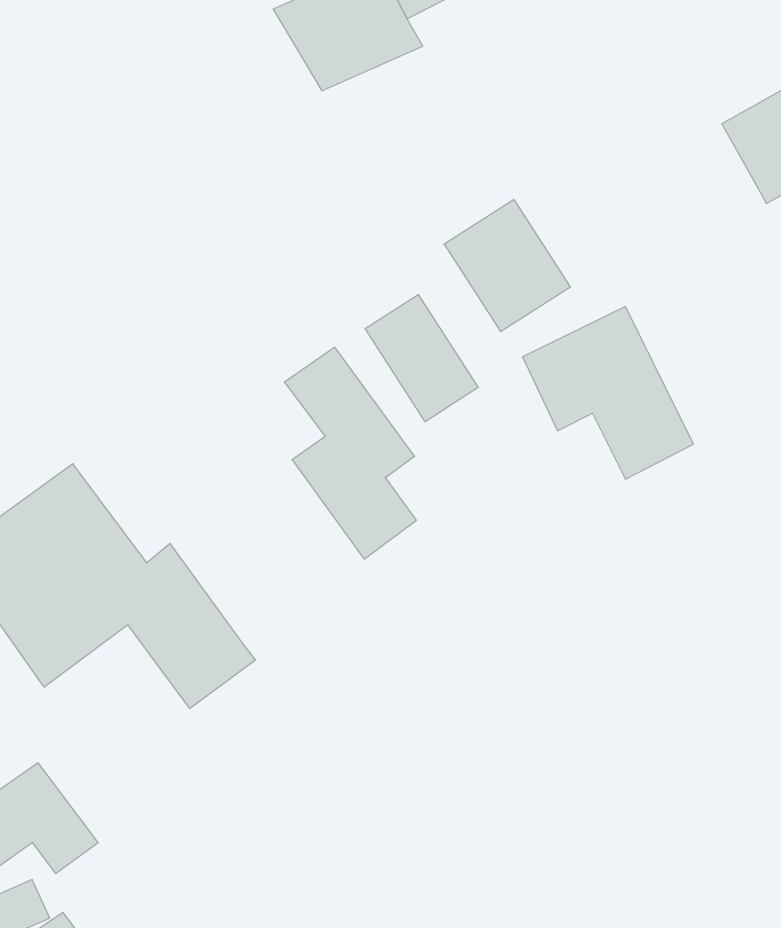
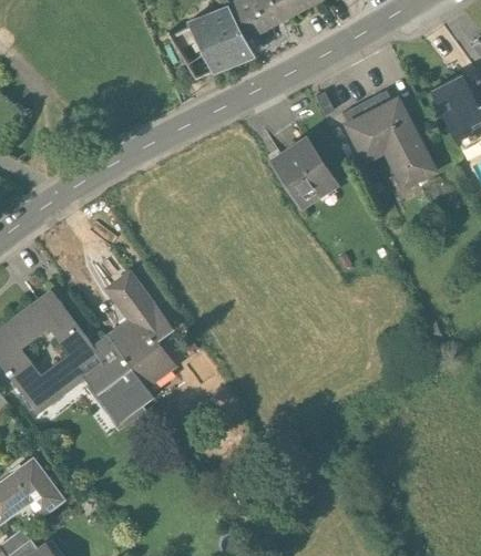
building: [365,295,478,422] -> none
building: [522,306,693,479] -> [339,96,437,195]
building: [284,347,416,559] -> [105,269,181,390]

